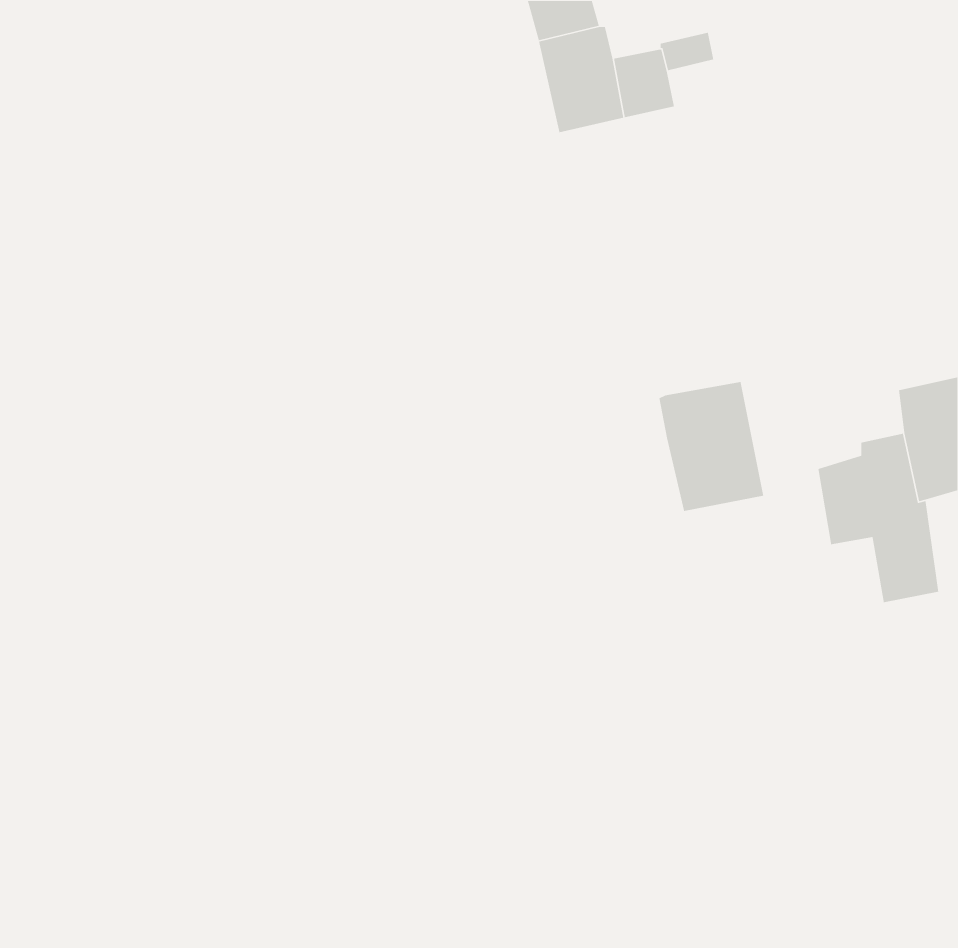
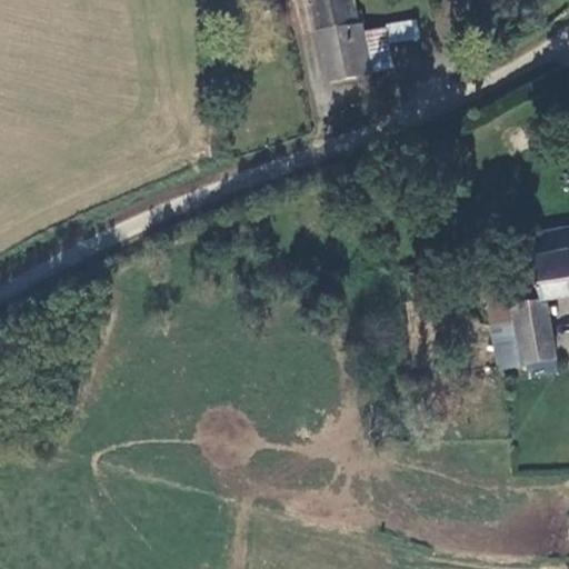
building: [659,381,764,512] -> none
building: none -> [492,325,523,369]

